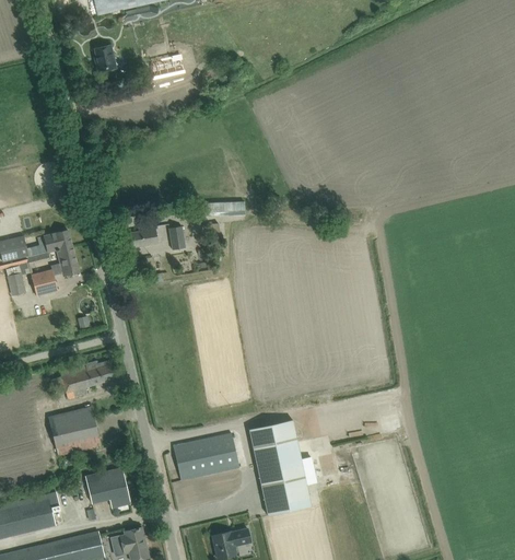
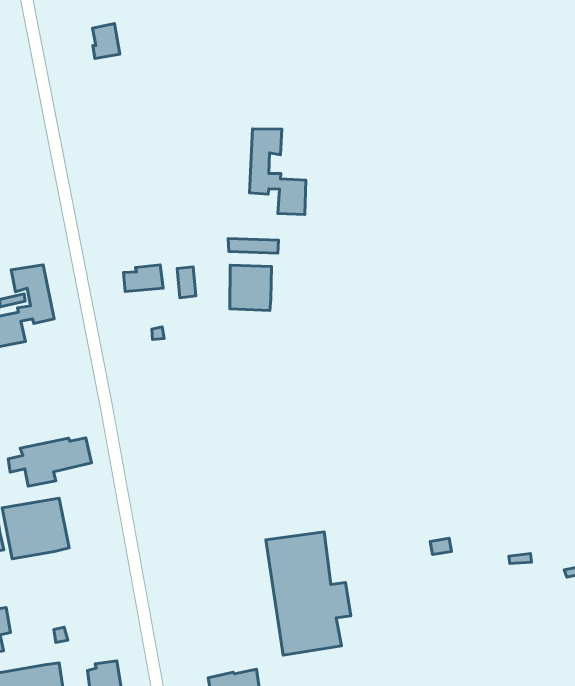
building: none -> [249,129,306,214]
building: none -> [230,265,271,311]
building: [173,432,238,480] -> none
building: [85,467,130,508] -> none

